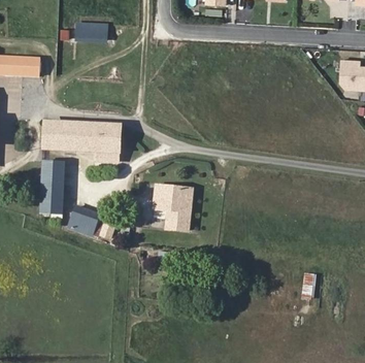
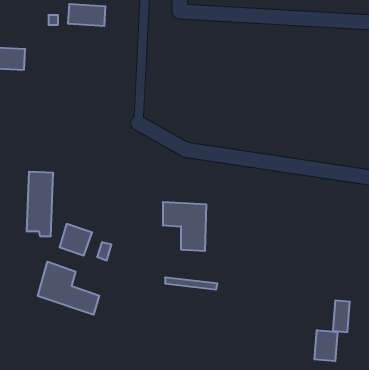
building: [43,123,120,164] -> none
building: none -> [38,262,99,315]
building: none -> [315,330,338,361]

